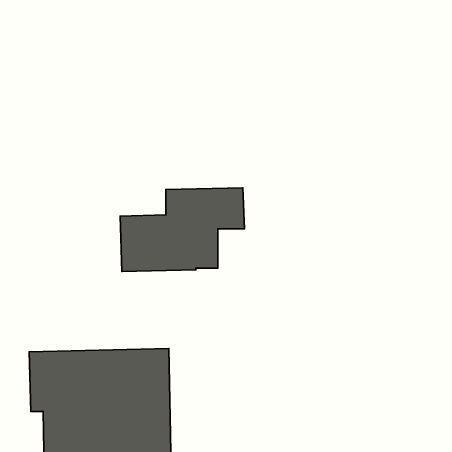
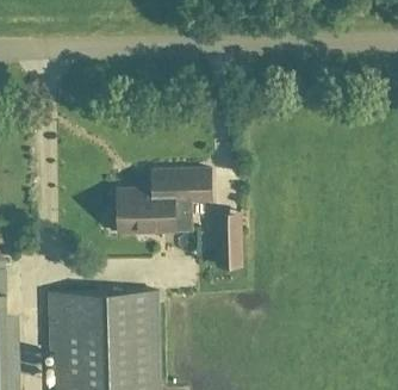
building: none -> [216,215,241,267]

